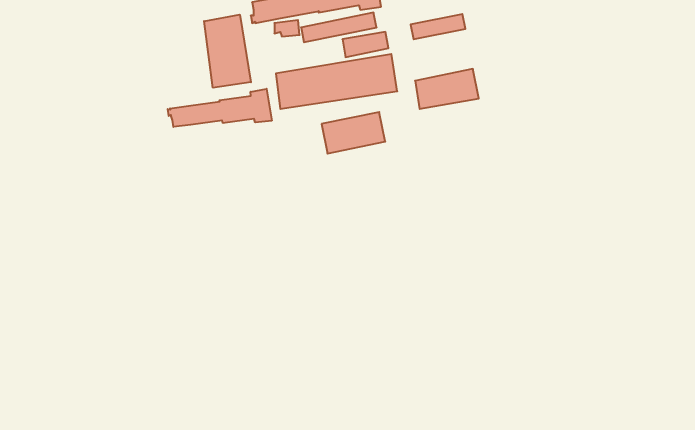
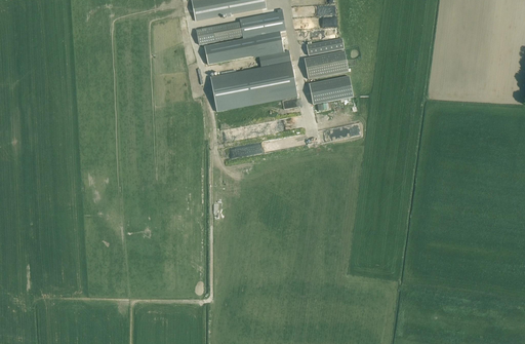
building: [204,15,251,88] -> none
building: [168,89,272,127] -> none
building: [322,112,385,154] -> [302,50,347,79]

